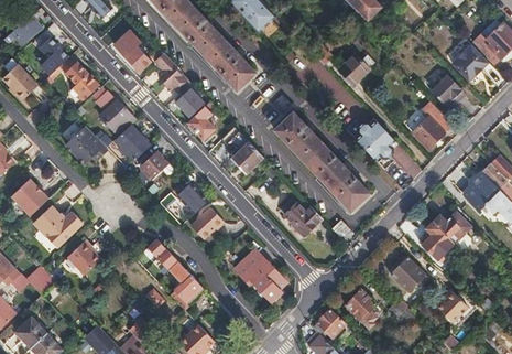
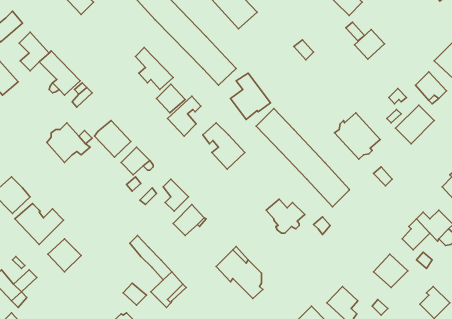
building: [113,29,151,71] -> none
building: [338,54,368,84] -> [354,29,384,59]
building: [99,99,135,135] -> none

